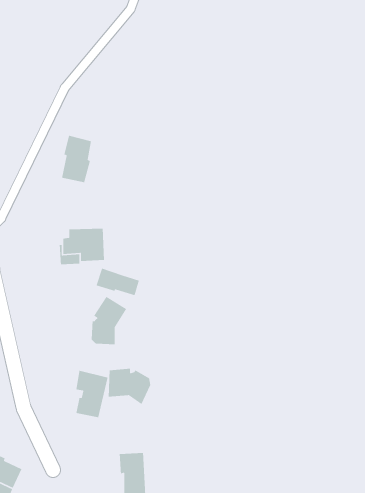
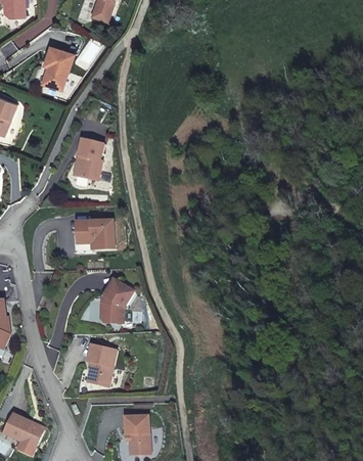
building: none -> [36,46,67,90]
building: [95,267,140,296] -> none
building: [108,368,151,405] -> none

